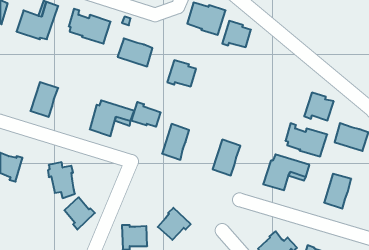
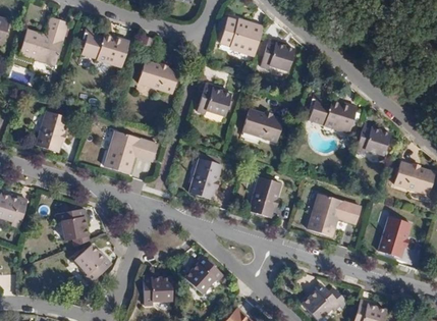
building: none -> [242,109,283,142]
building: [132,102,161,127] -> none
building: [285,123,327,156] -> [308,93,357,131]

